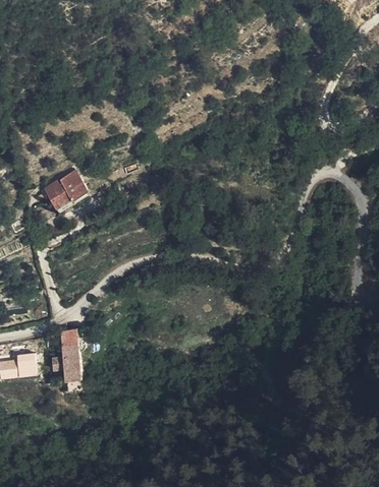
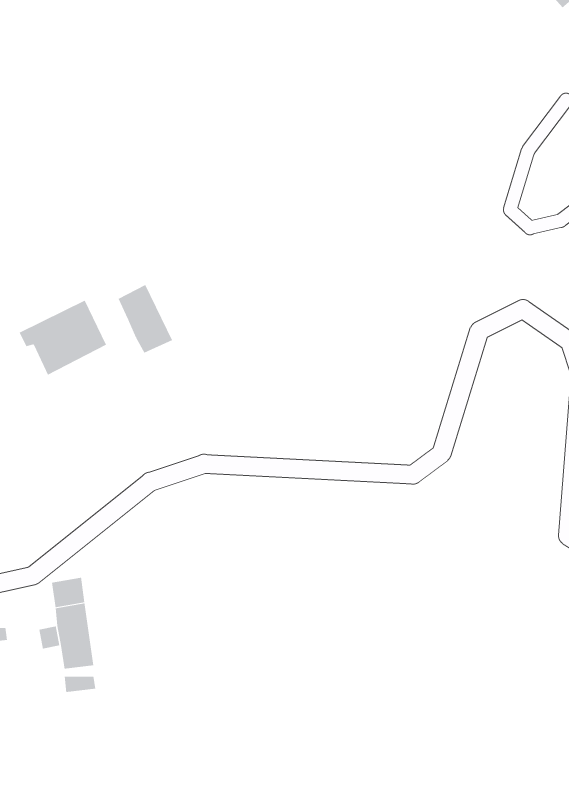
building: none -> [118,284,173,353]

